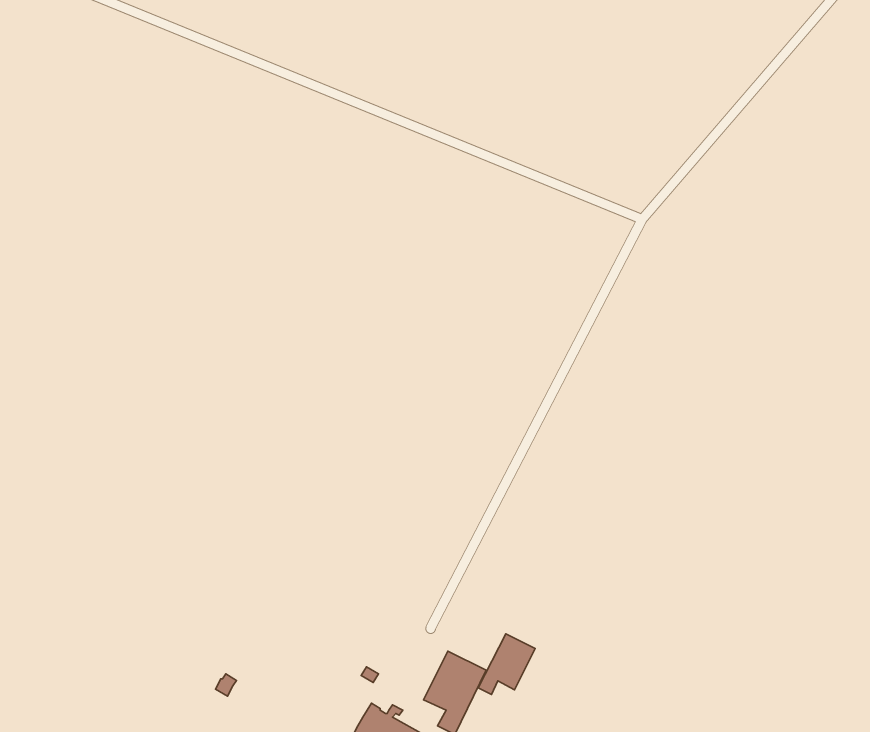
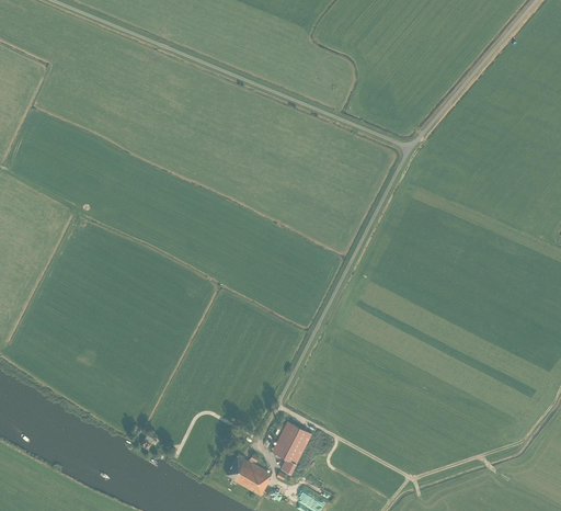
building: [478,634,535,695] -> none

